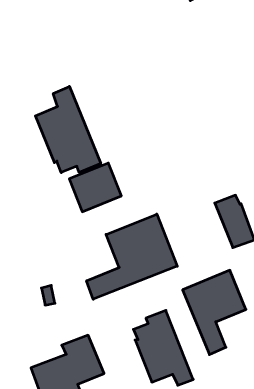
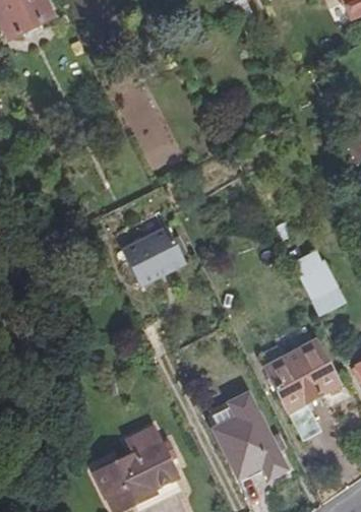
building: [35,86,101,173] -> none
building: [87,214,177,299] -> none

